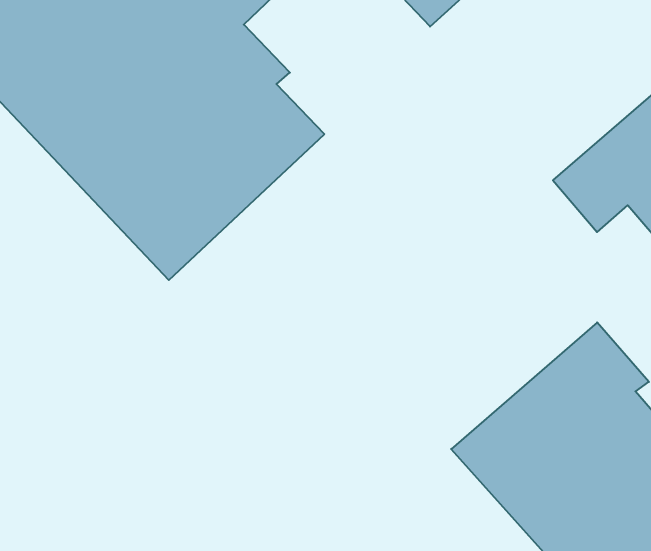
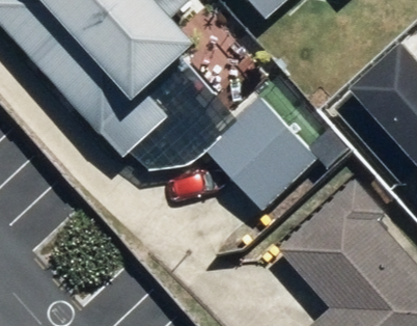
building: none -> [201,92,321,212]

